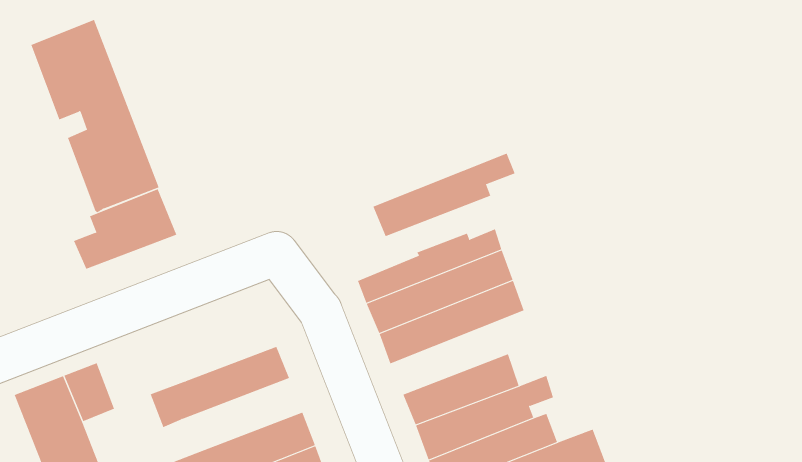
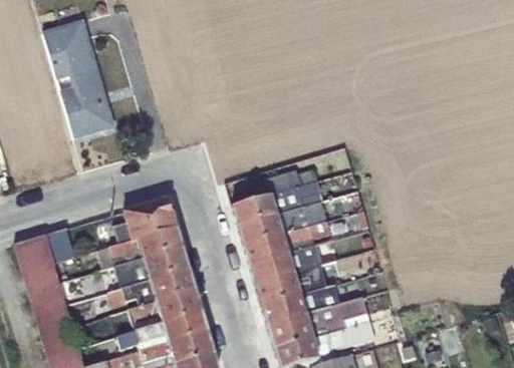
building: [372,153,516,237] -> [244,223,332,267]
building: [73,188,177,270] -> [113,202,177,247]
building: none -> [115,251,189,291]

